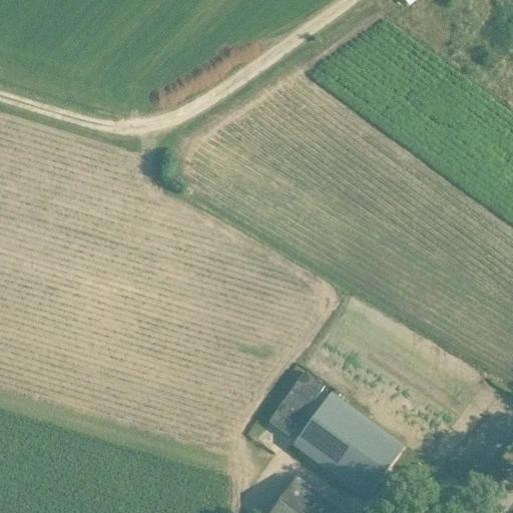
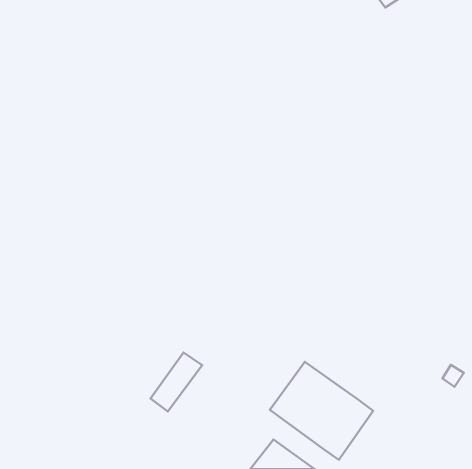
building: [269,371,325,435] -> [150,352,202,411]

